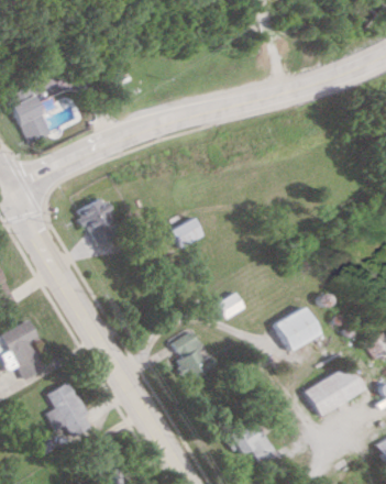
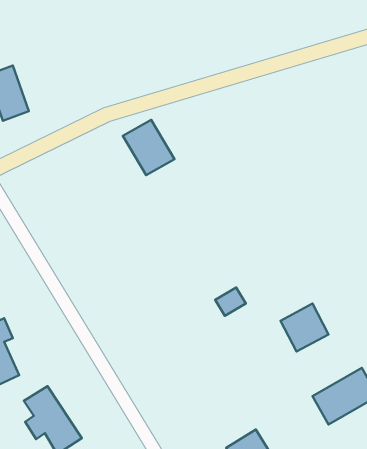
building: [78,196,124,245] -> [123,120,175,175]
building: [173,218,206,246] -> none
building: [172,329,214,382] -> none

